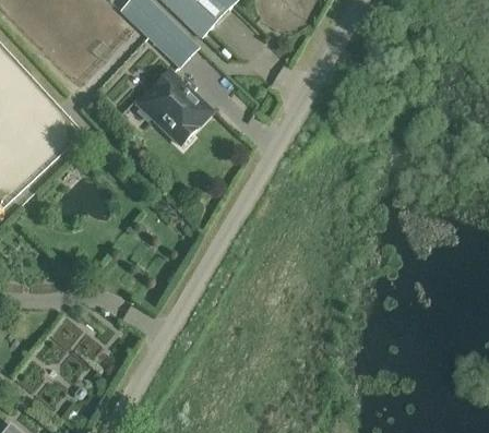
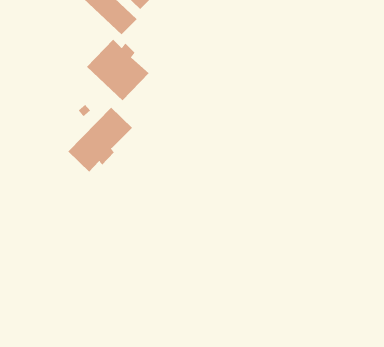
building: none -> [67,107,133,173]

